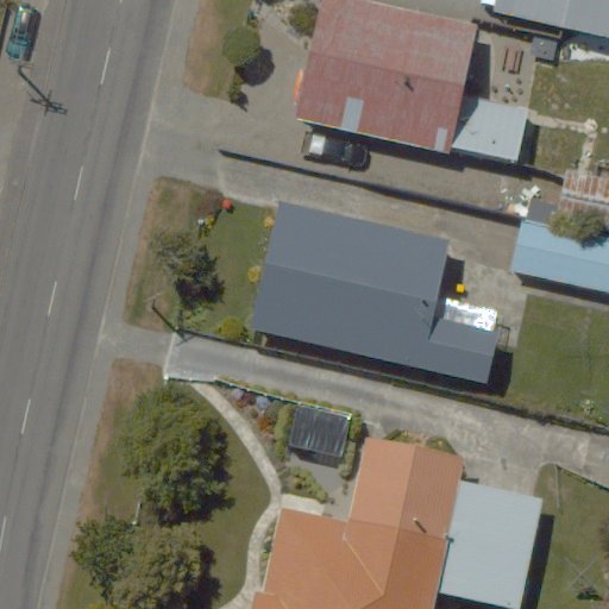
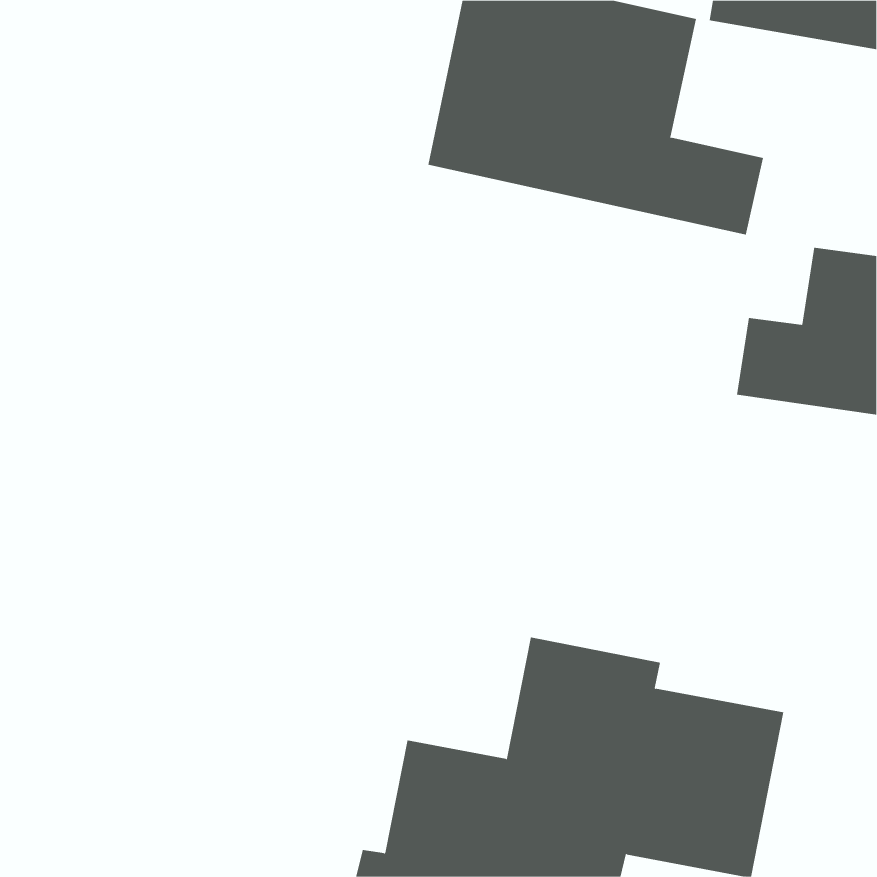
building: [245,200,503,385] -> none

